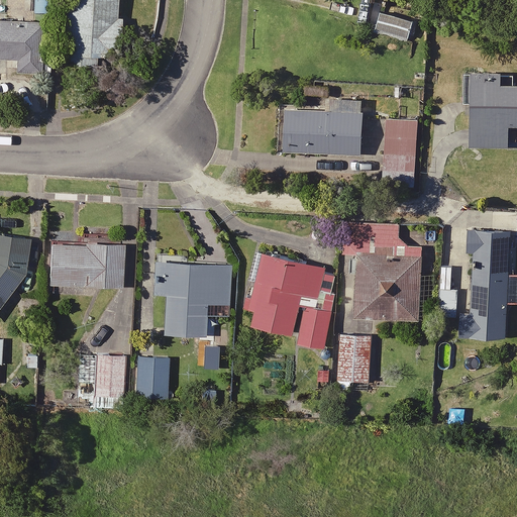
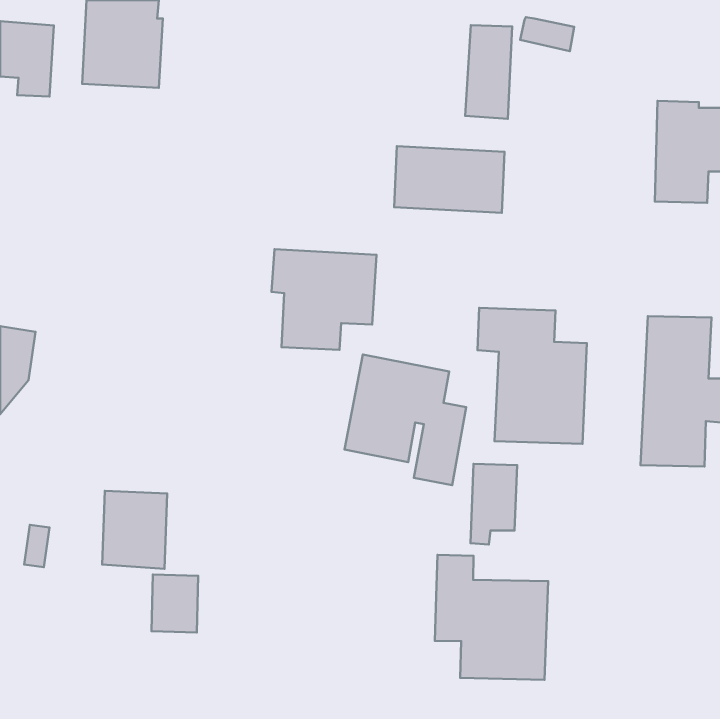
building: [384,121,417,188] -> [465,25,512,119]
building: [48,241,123,286] -> none
building: [156,263,230,334] -> [272,249,376,350]
building: [134,356,168,398] -> [151,574,198,633]
building: none -> [435,555,548,680]

